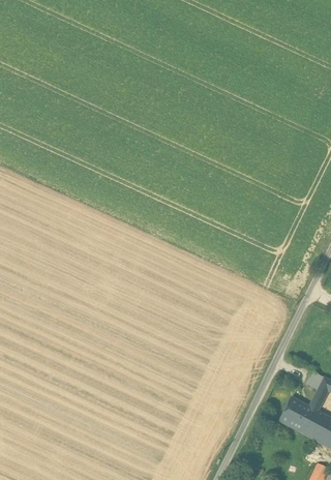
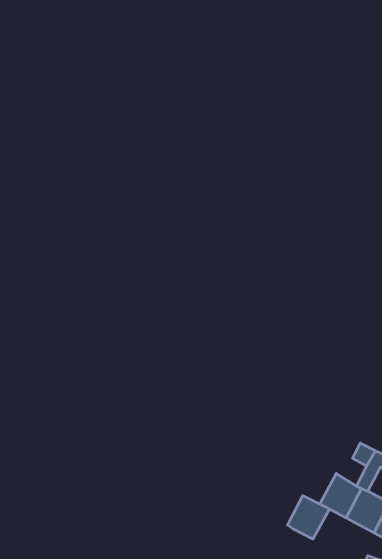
building: none -> [287,496,329,539]

